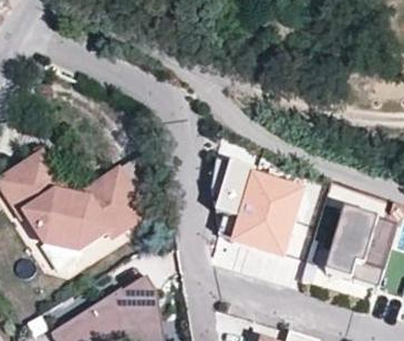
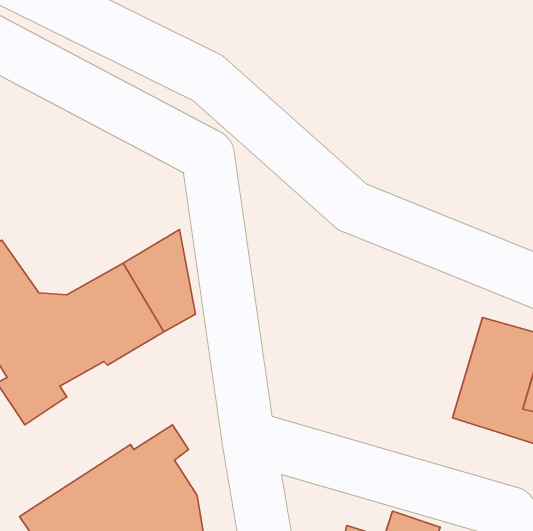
building: [210,157,303,256] -> none

